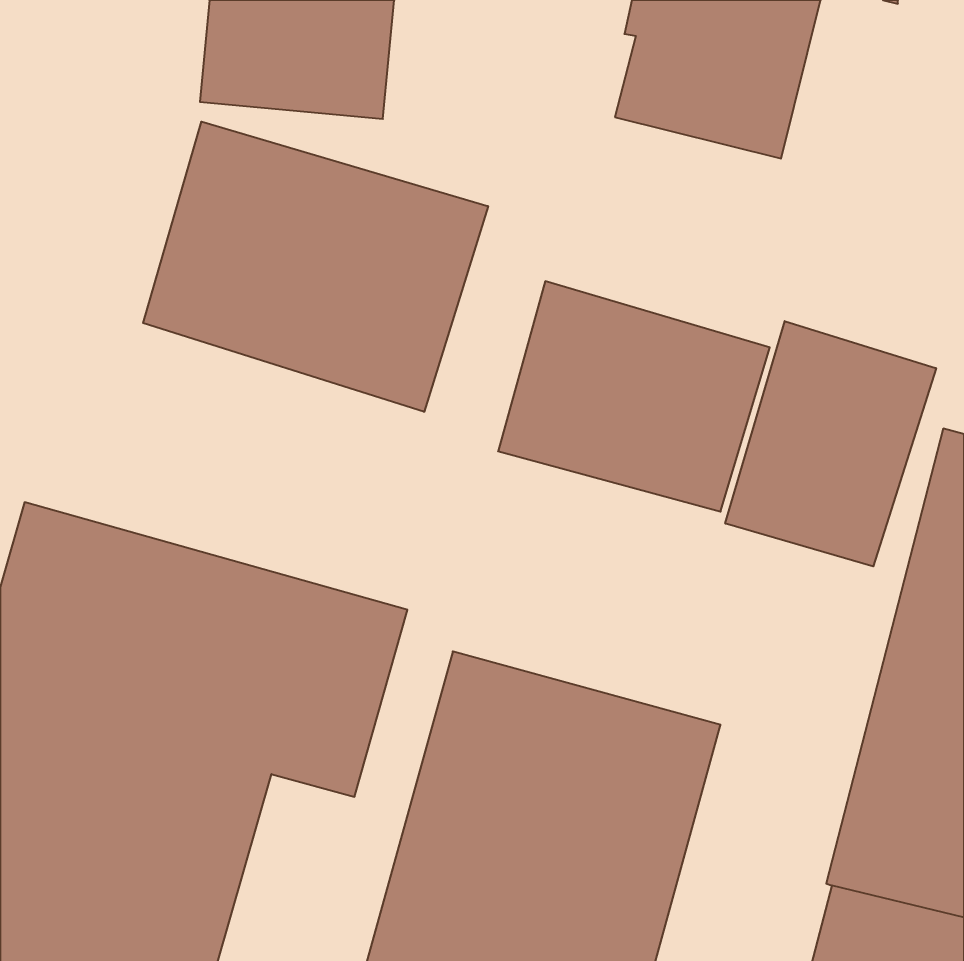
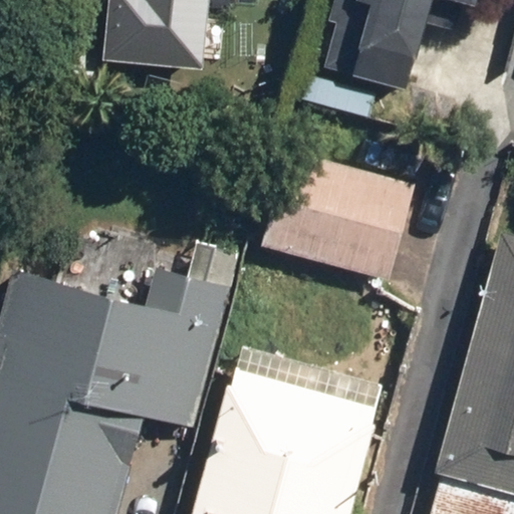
building: [143,122,488,412] -> none
building: [725,321,936,566] -> none

